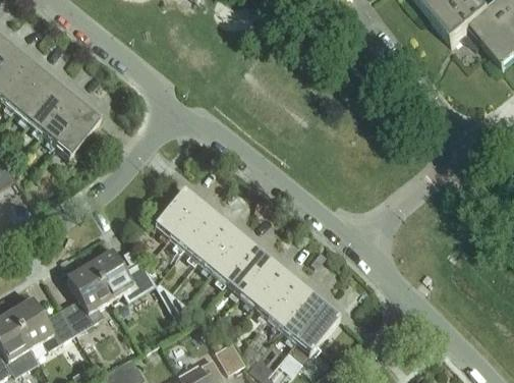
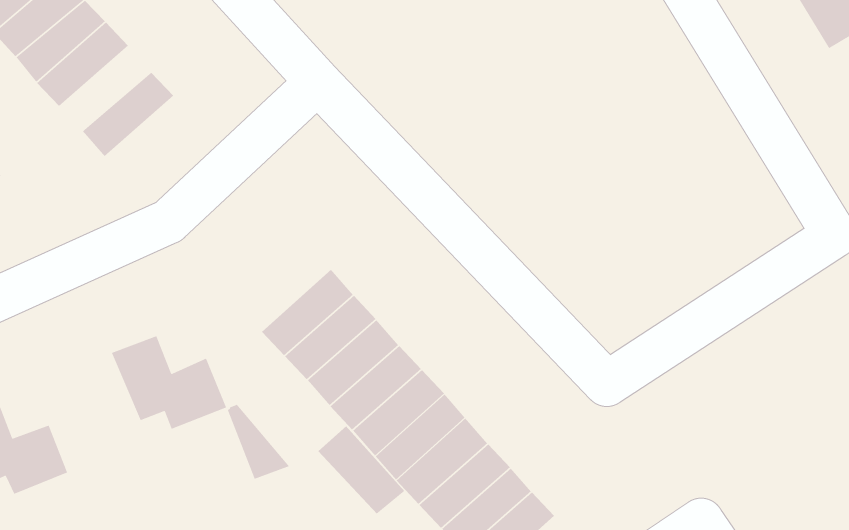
building: [42,96,89,146] -> none
building: [155,187,202,239] -> none
building: [62,263,111,331] -> none
building: none -> [318,426,405,515]

